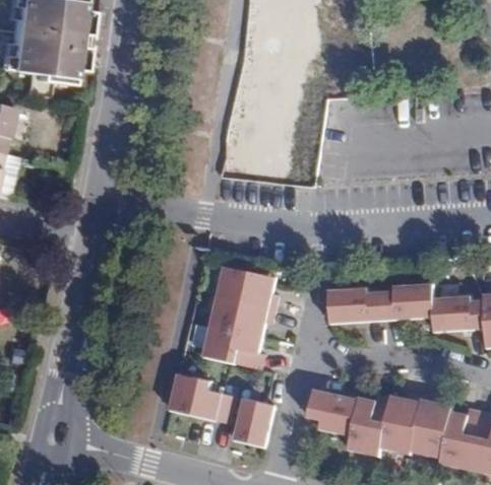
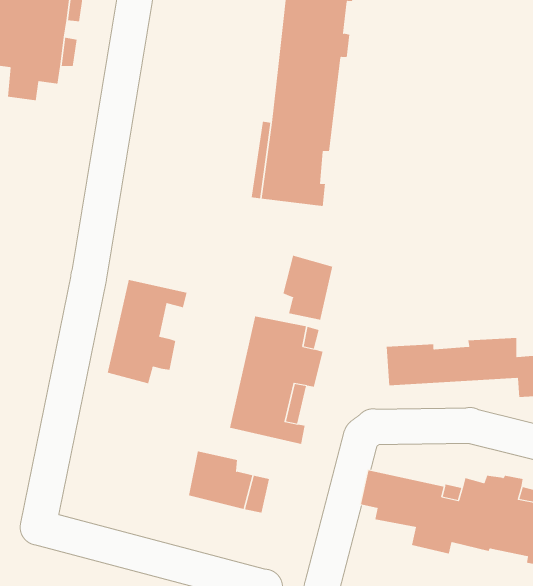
building: none -> [283,255,333,321]
building: none -> [107,279,187,384]
building: [233,398,273,446] -> none

